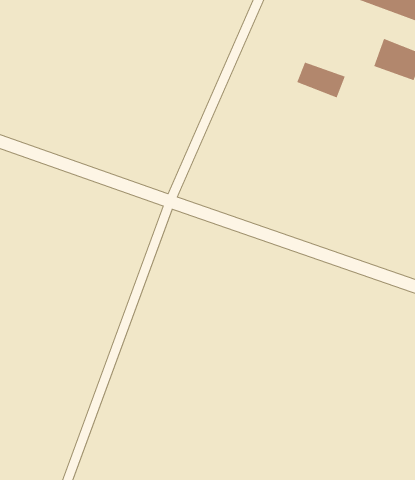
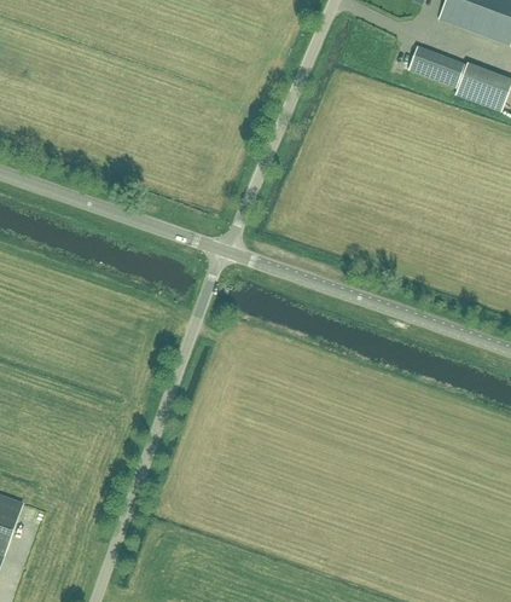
building: [296,61,346,98] -> [407,46,464,88]

